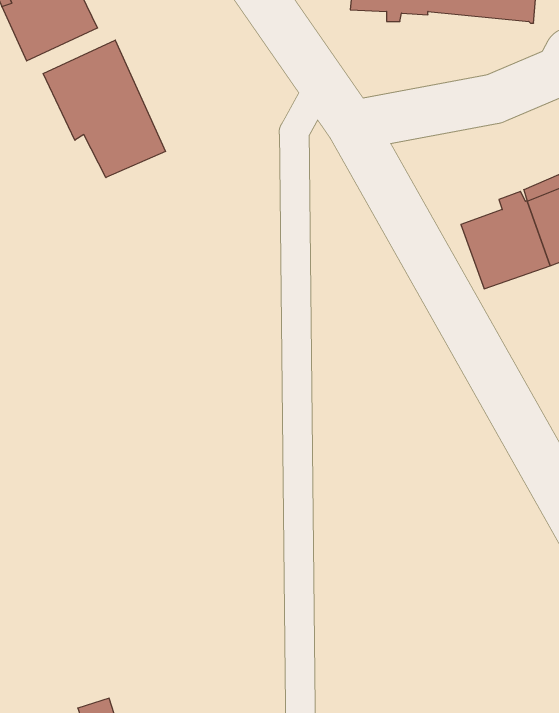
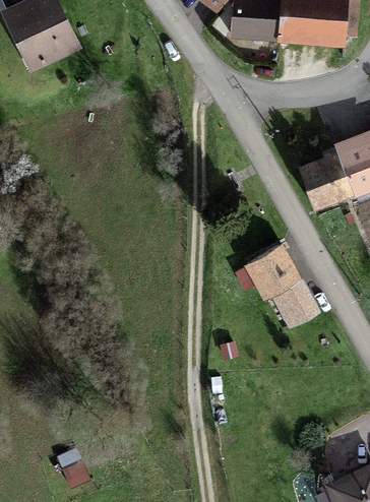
building: [43,40,166,178] -> none
building: none -> [246,245,317,326]

